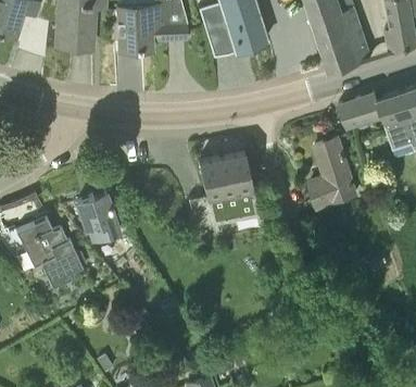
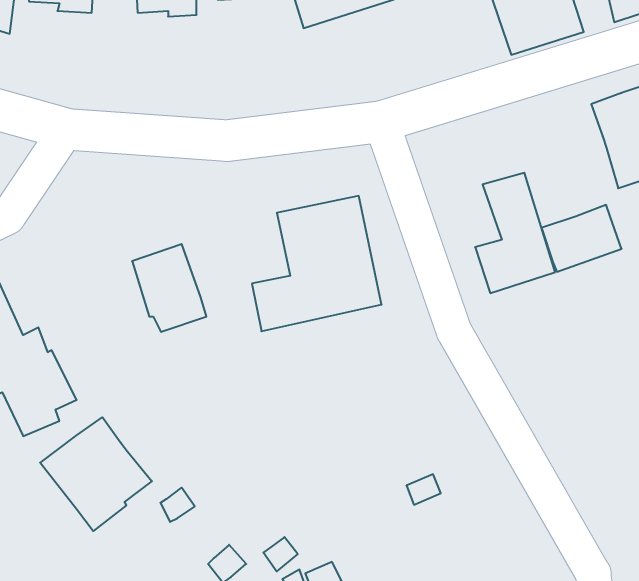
building: [338,92,383,130] -> [541,205,622,272]
building: [77,191,119,241] -> [132,244,206,332]
building: none -> [40,417,152,531]

